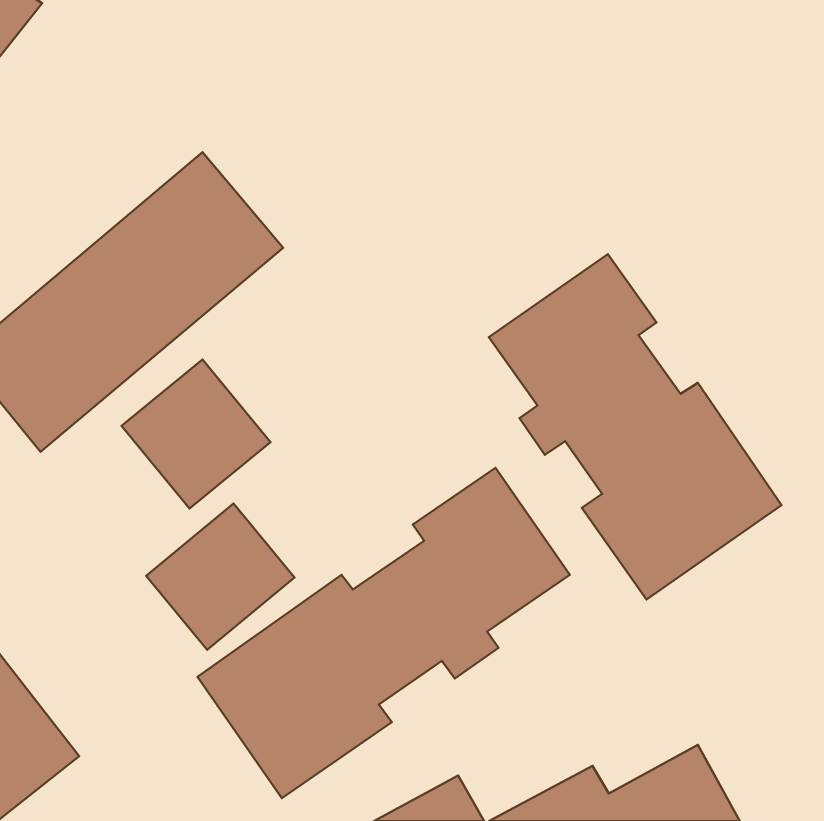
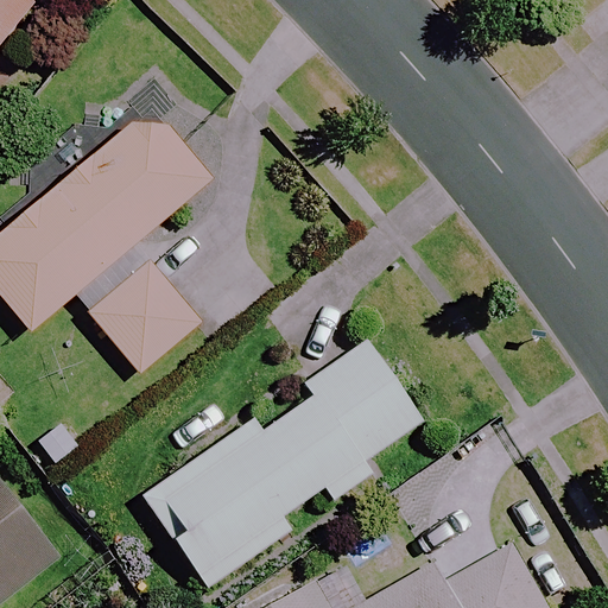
building: [489,254,781,599] -> none
building: [146,503,295,650] -> none

